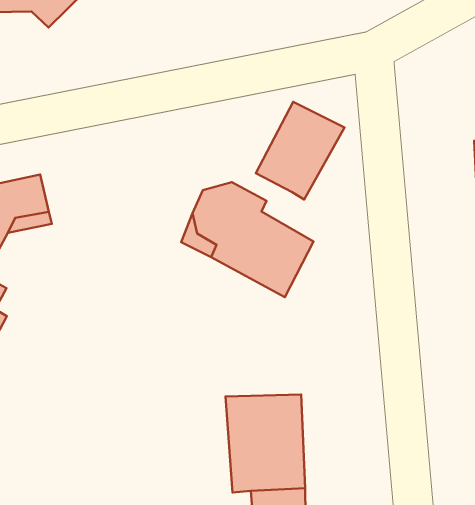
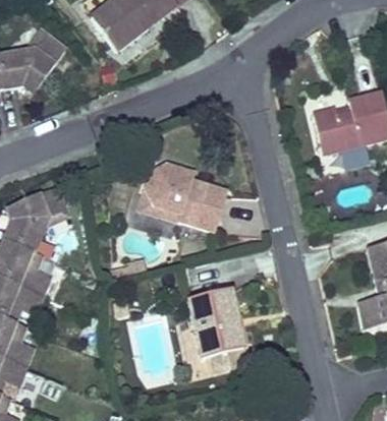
building: [256,102,344,199] -> none

